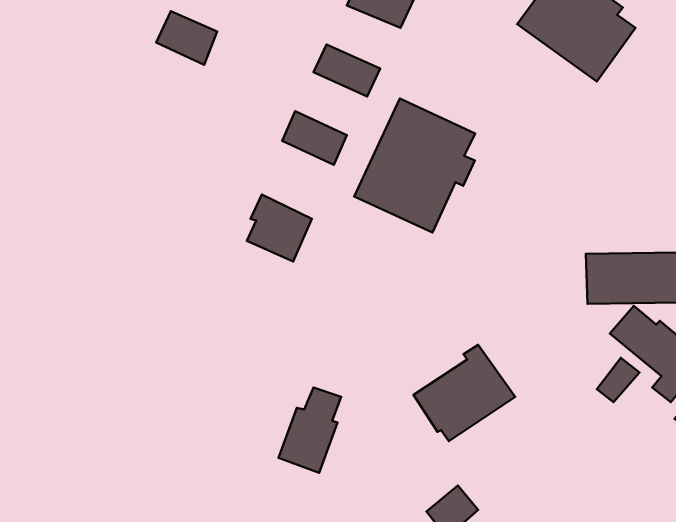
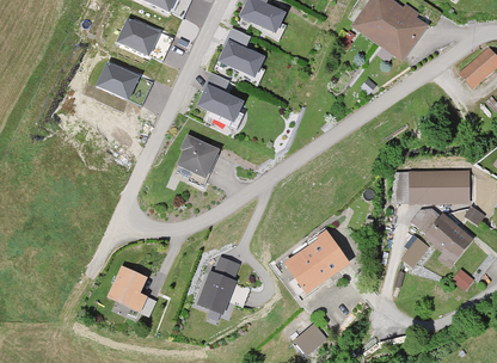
building: none -> [98,61,137,94]
building: [354,99,475,233] -> none
building: none -> [108,267,148,314]

